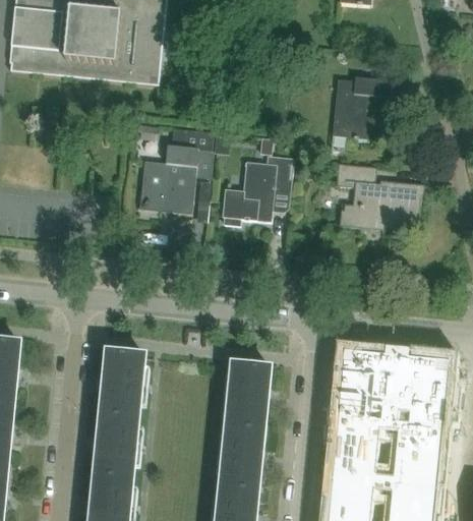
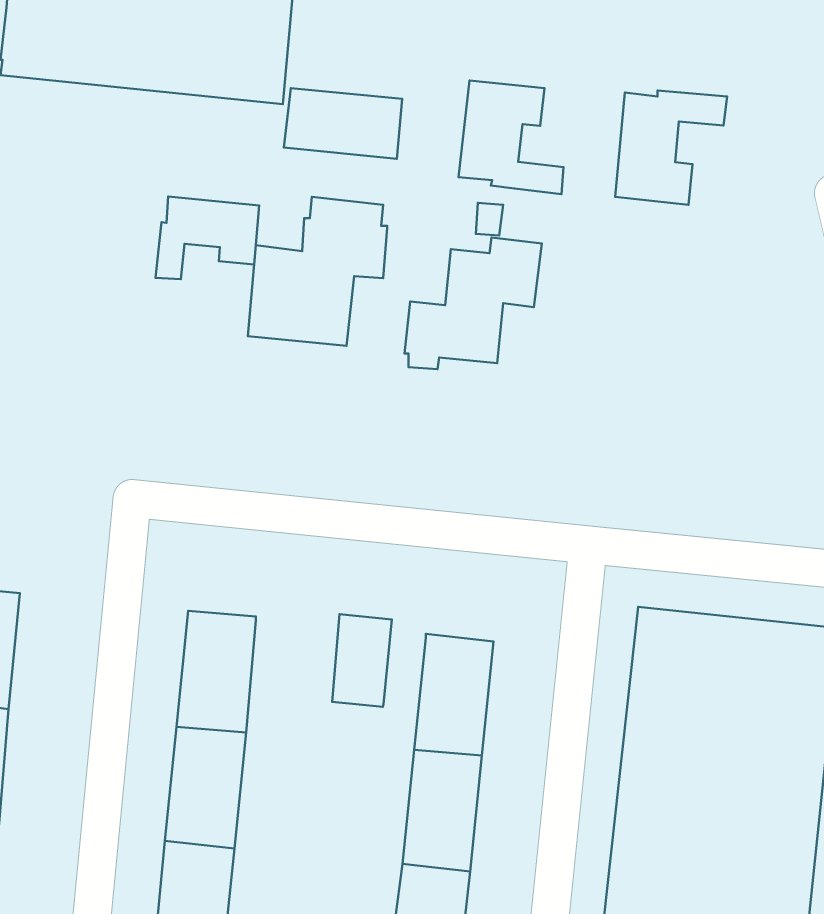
building: none -> [458,80,563,194]
building: none -> [284,88,402,159]
building: none -> [155,197,259,279]
building: [336,163,423,225] -> none
building: none -> [332,614,392,707]

